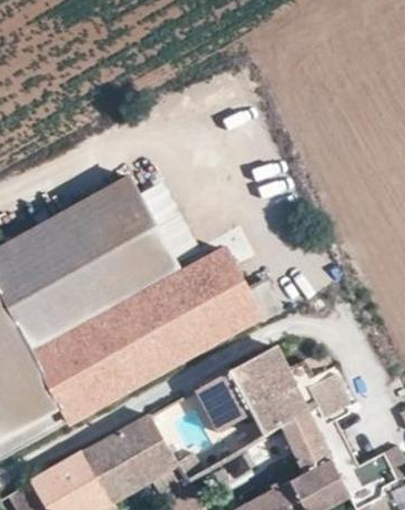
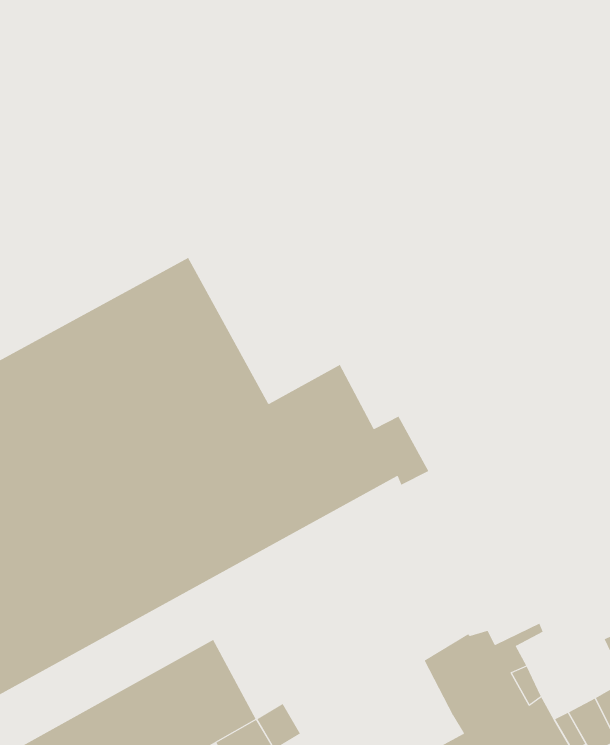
building: [190,348,347,438] -> none

